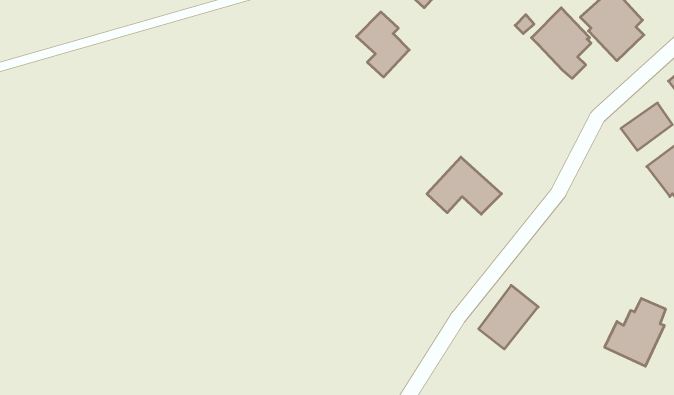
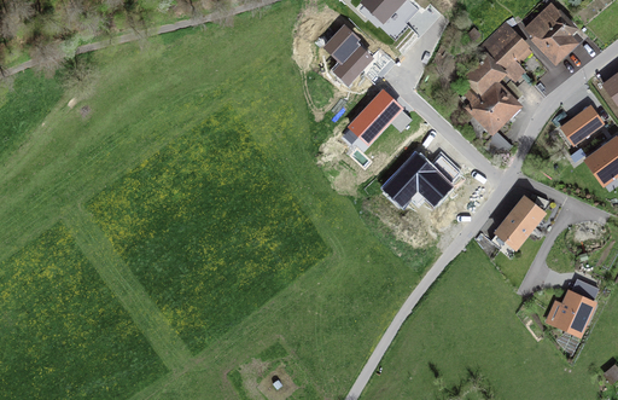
building: none -> [460,53,524,162]
building: none -> [350,91,401,143]
building: [479,285,538,349] -> [494,196,547,253]

